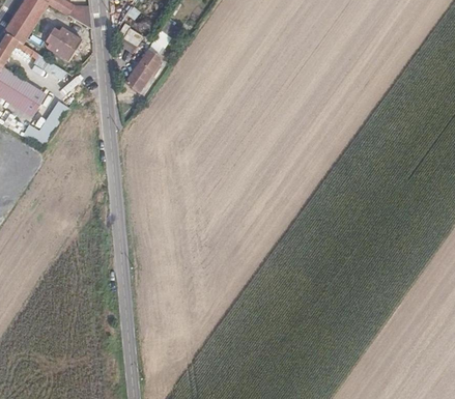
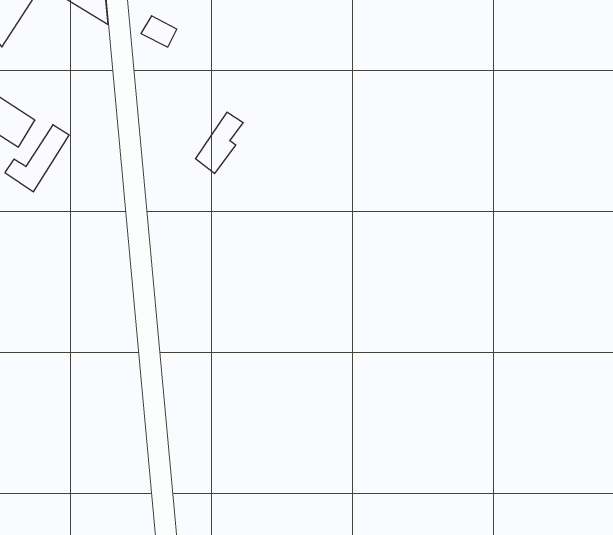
building: [49,29,83,61] -> none
building: [126,45,160,87] -> [195,112,243,174]

